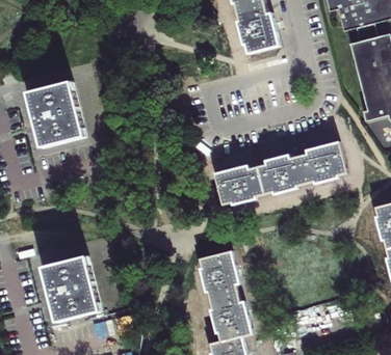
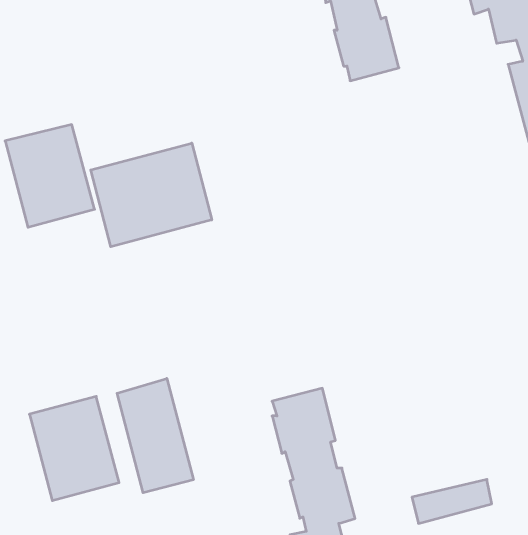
building: none -> [91,143,212,247]
building: [213,142,345,204] -> none
building: none -> [117,378,193,493]

